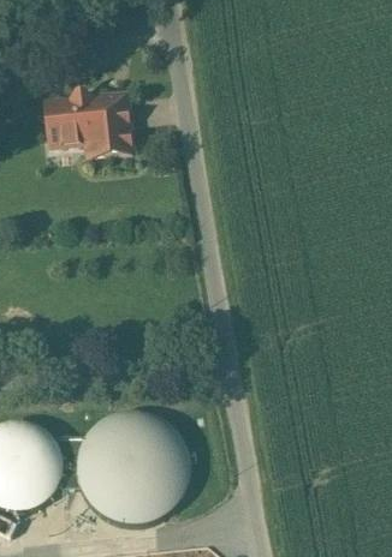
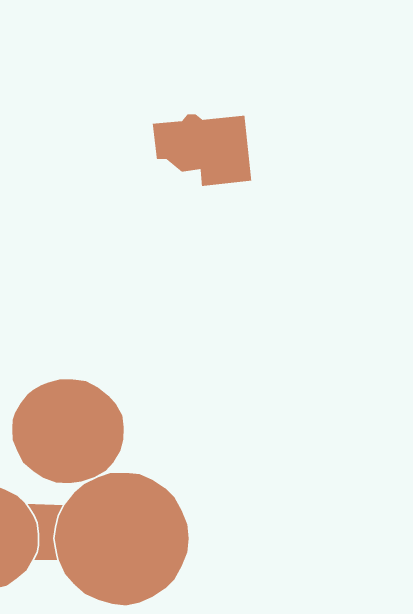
building: [44,92,130,155] -> [152,113,252,187]
building: none -> [12,378,125,484]

